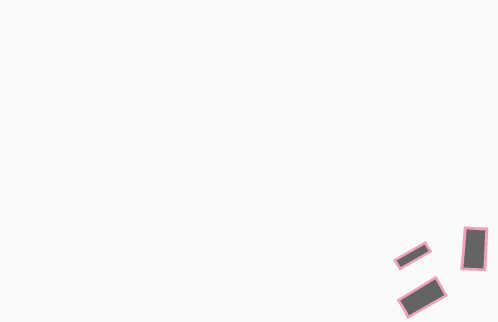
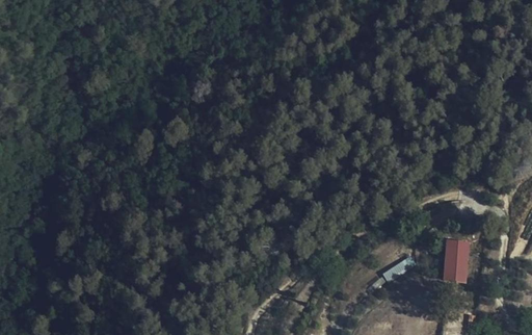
building: [398,278,446,317] -> none

